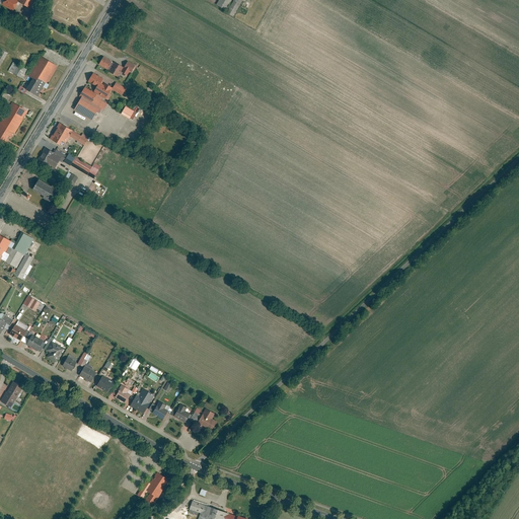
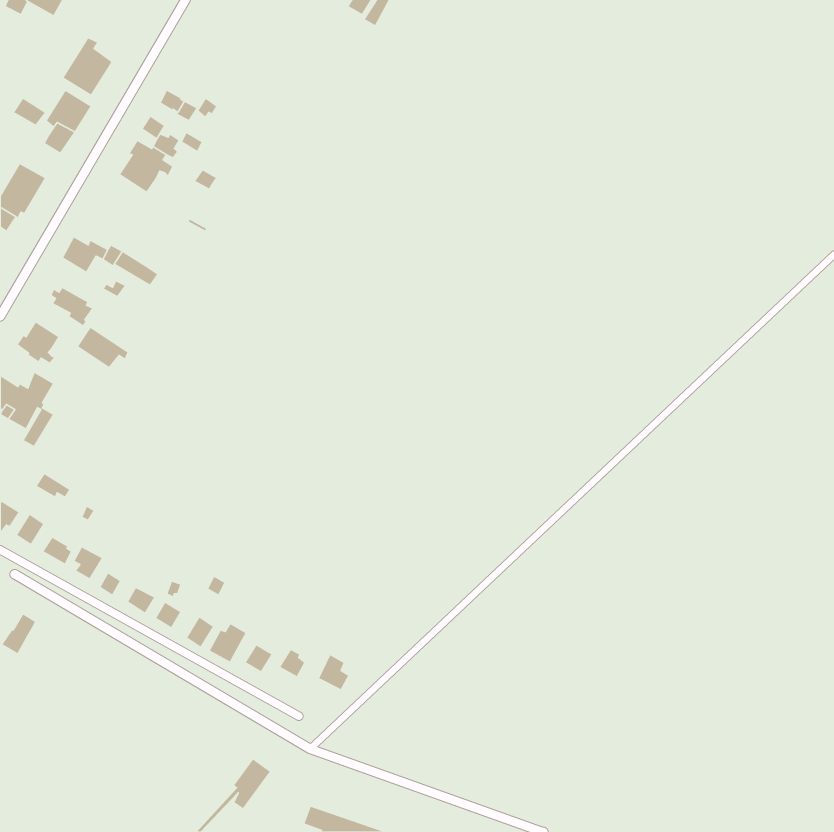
building: none -> [63,37,112,96]
building: [50,122,89,145] -> none
building: none -> [17,321,59,364]
building: none -> [77,327,128,368]

